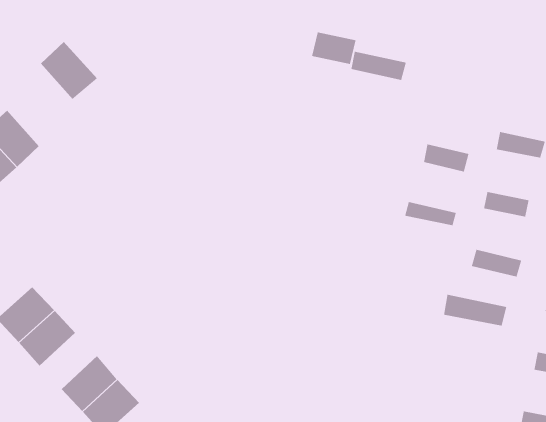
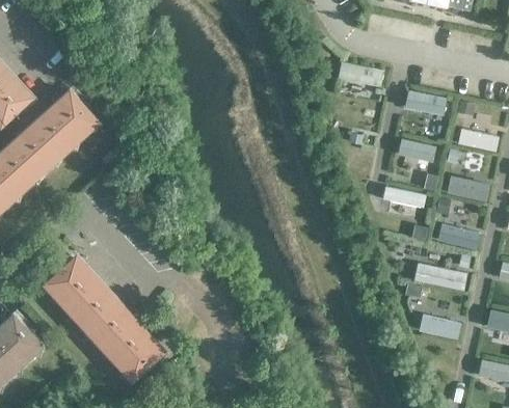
building: [311,32,357,65] -> none
building: [40,41,98,100] -> [53,91,101,140]
building: none -> [404,88,447,113]
building: none -> [80,295,128,342]
building: none -> [419,314,461,338]

